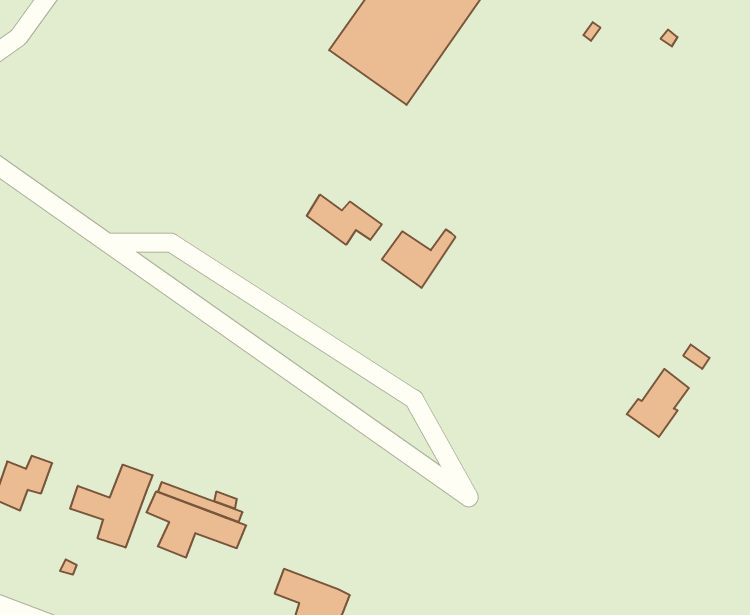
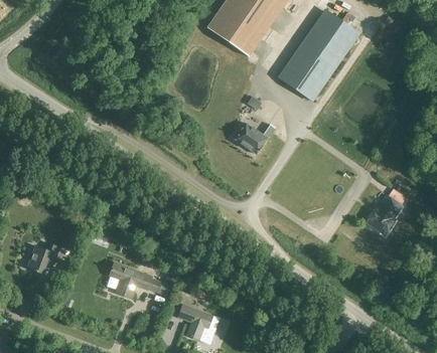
building: none -> [278,11,357,101]
building: [307,195,382,245] -> none
building: [70,465,153,548] -> none

